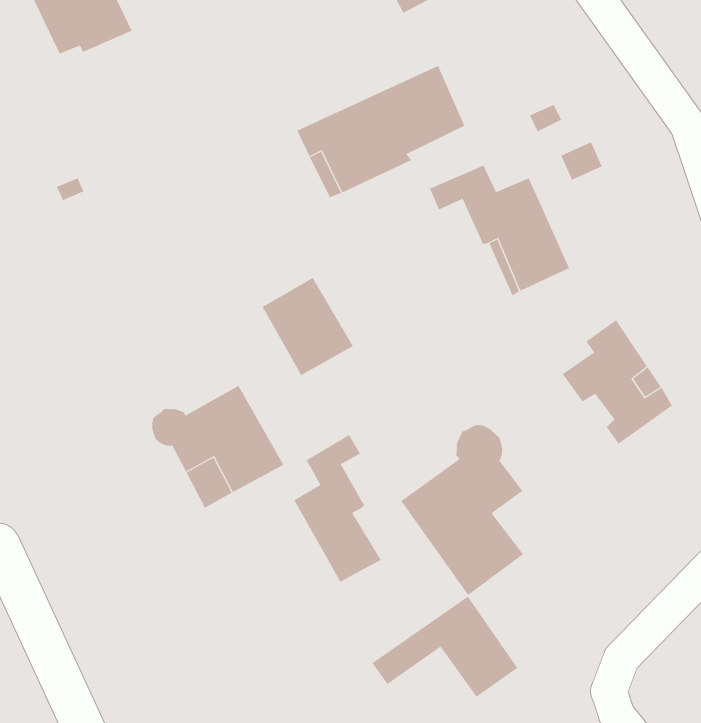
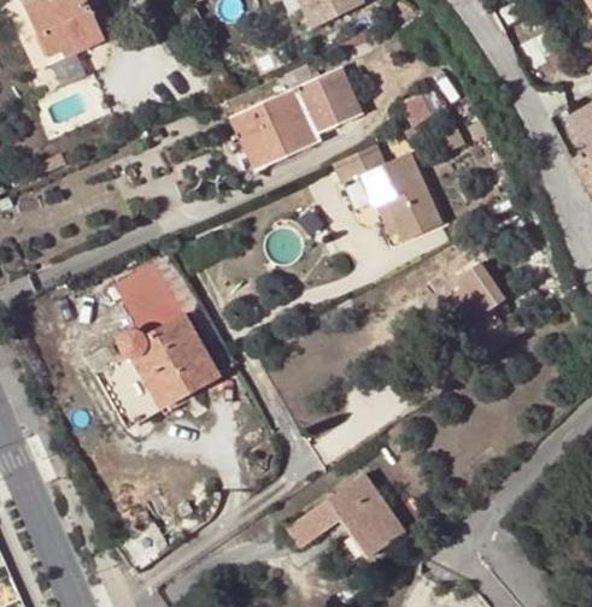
building: [262,277,354,376] -> [115,260,186,336]
building: [400,424,524,596] -> none
building: [293,434,381,583] -> none

